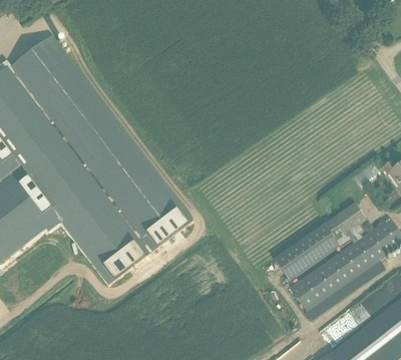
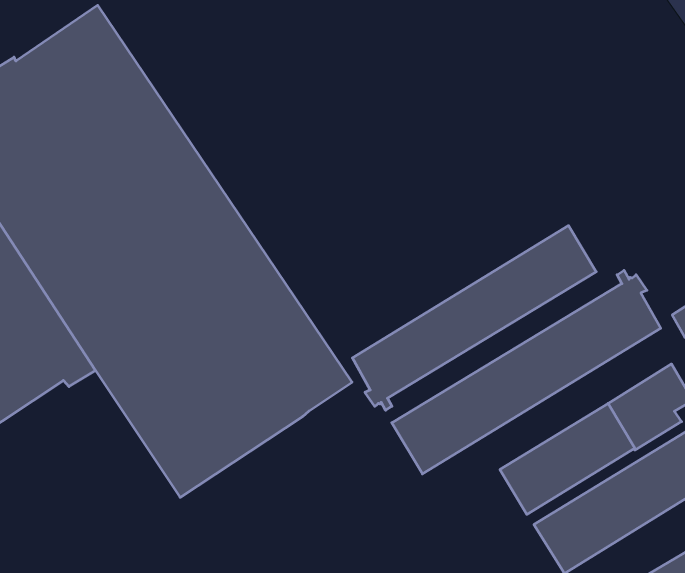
building: none -> [352,226,596,410]
building: none -> [392,270,661,474]

